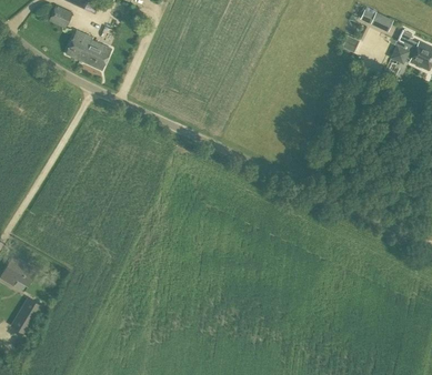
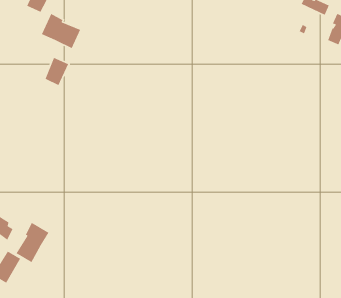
building: none -> [44,57,69,86]
building: none -> [15,222,49,263]

